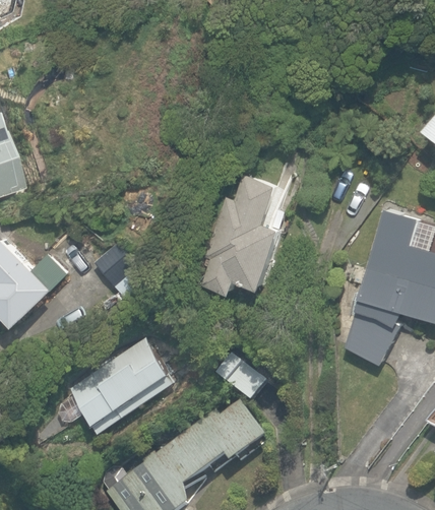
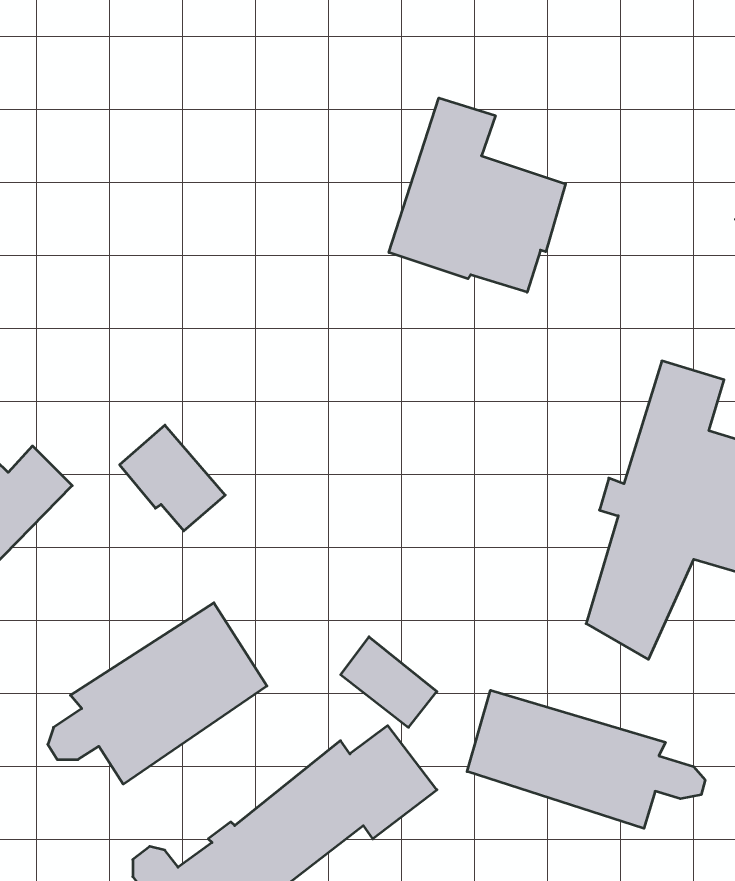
building: none -> [389,98,566,292]
building: [202,175,283,294] -> none
building: none -> [467,690,705,828]

